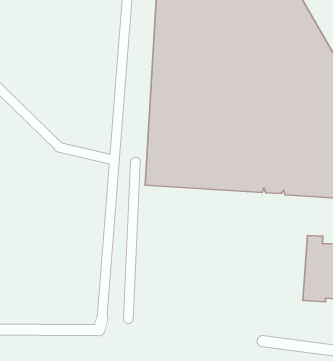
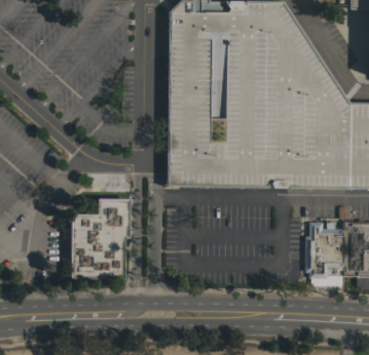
building: none -> [71,198,131,278]

